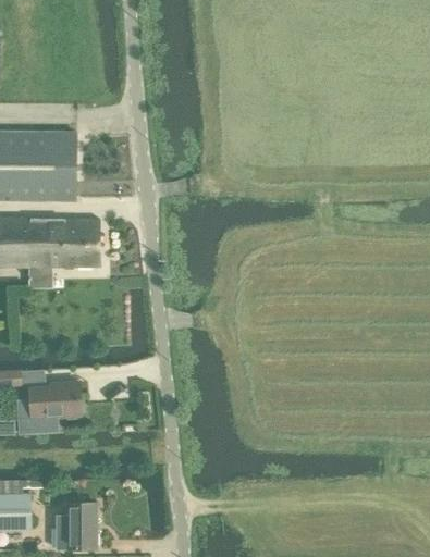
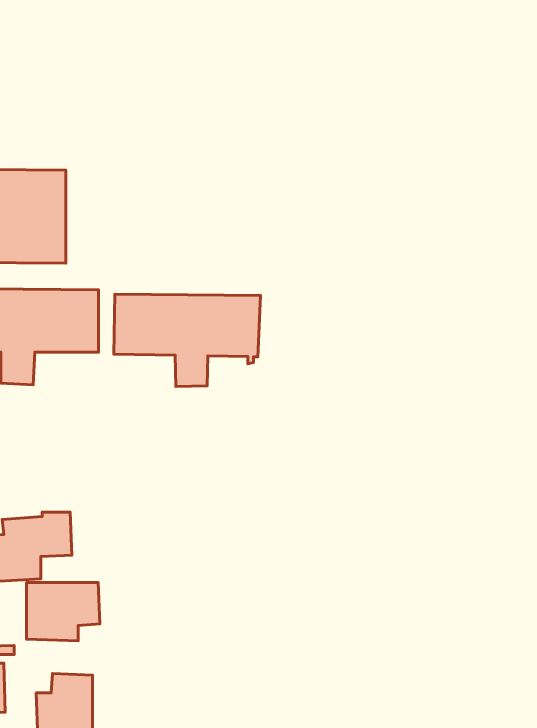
building: none -> [114,294,260,387]
building: none -> [27,583,100,641]

